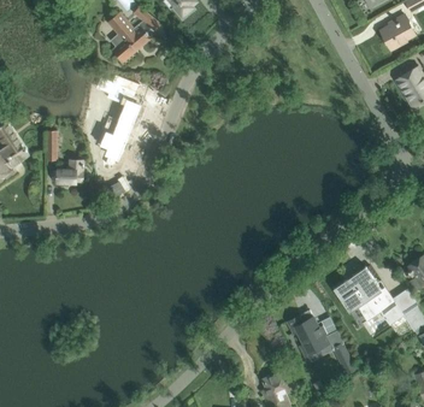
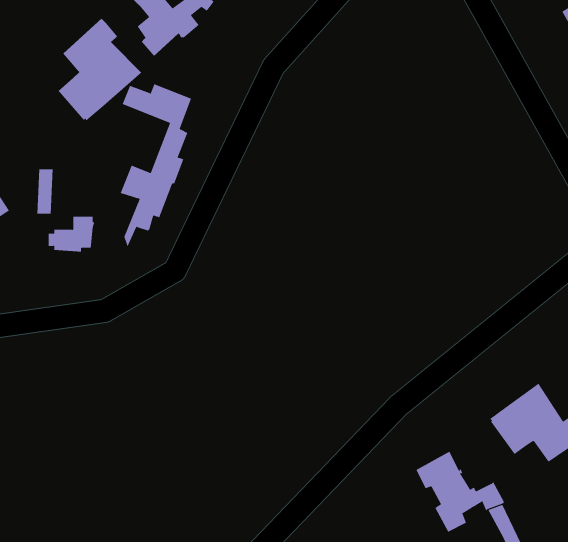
building: none -> [58,18,142,121]

